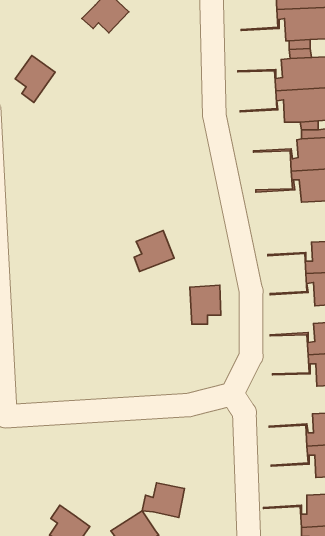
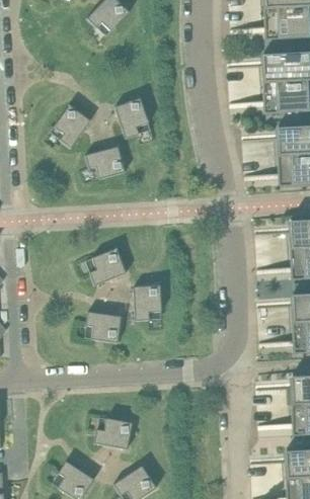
building: [15,56,55,102] -> [55,104,91,147]
building: none -> [115,97,149,138]
building: none -> [86,146,126,177]
building: [134,230,174,272] -> [90,247,127,284]
building: [190,285,221,324] -> [134,283,162,319]
building: none -> [86,311,122,341]
building: [142,483,184,518] -> [94,417,133,448]

